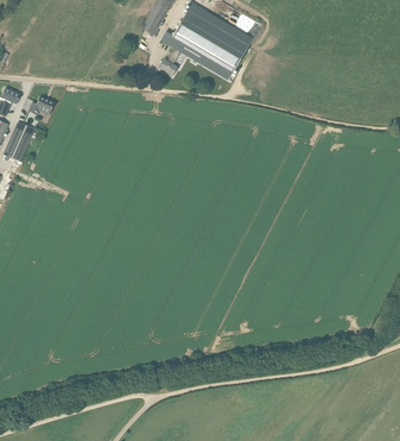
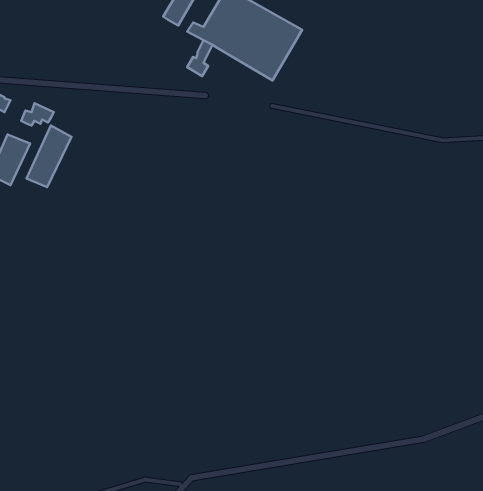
building: none -> [26,126,71,187]

